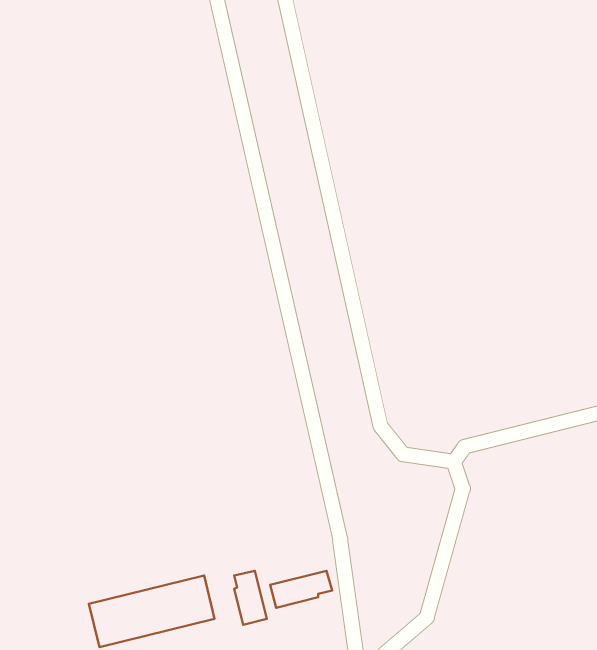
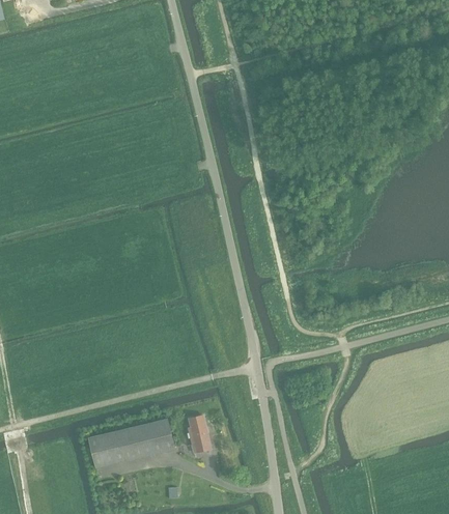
building: [270,571,332,608] -> none

